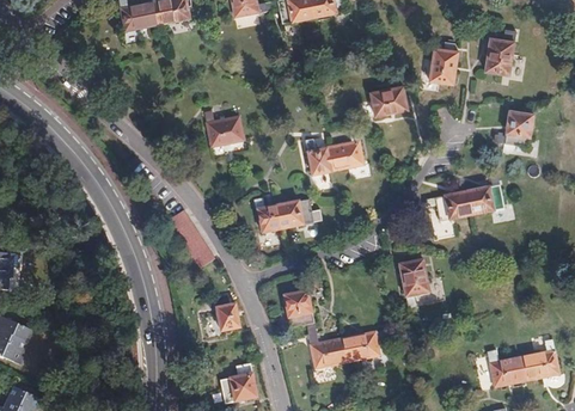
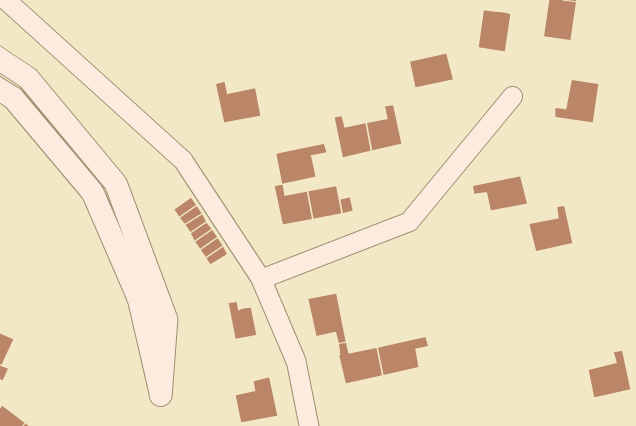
building: none -> [276,143,327,185]
building: [465,176,503,215] -> [529,206,573,252]
building: [398,260,429,307] -> none
building: [487,352,527,387] -> none

